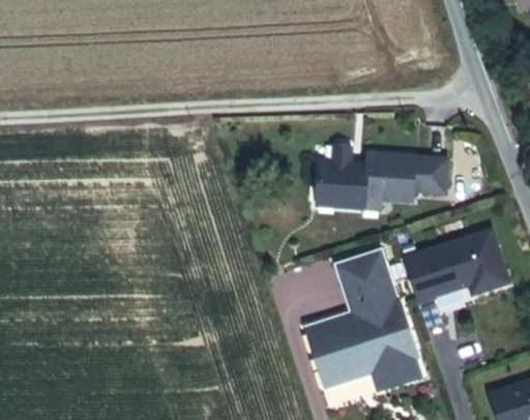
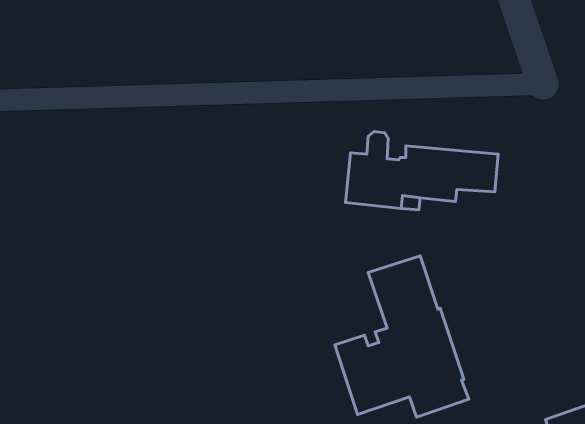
building: [402,228,511,304] -> none

